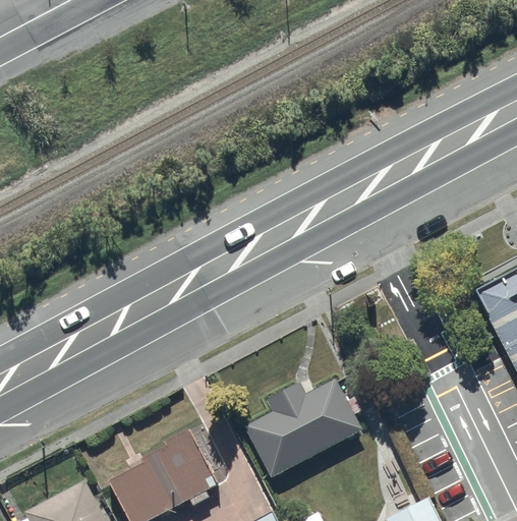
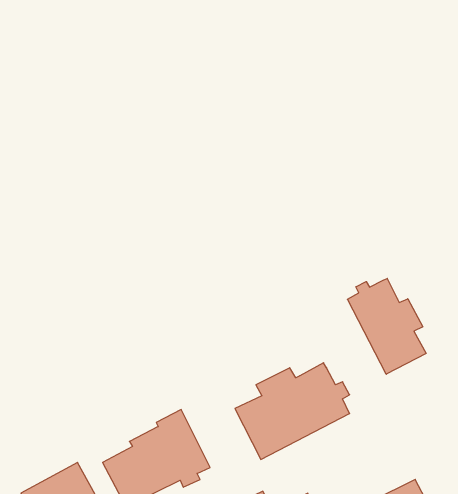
building: none -> [347,278,426,374]

